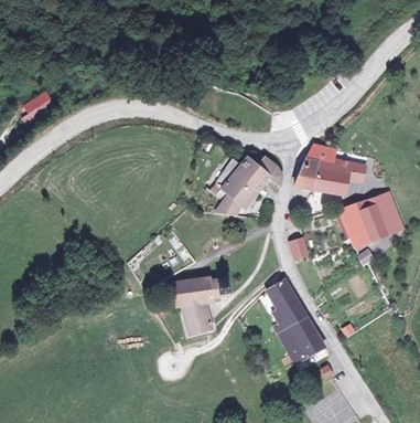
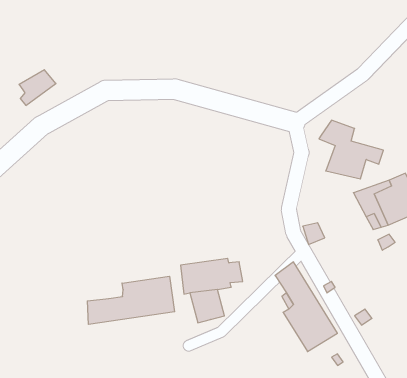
building: [193,157,278,215] -> none
building: [295,158,323,189] -> none
building: none -> [87,276,175,324]

